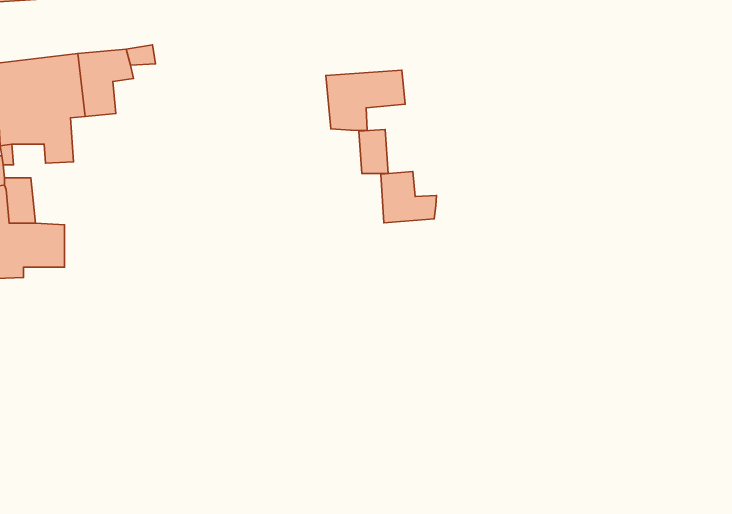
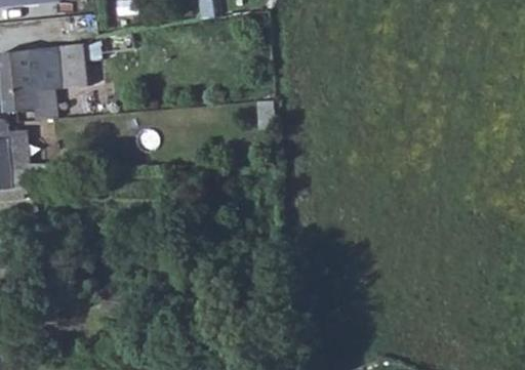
building: [326,70,405,131] -> none
building: [381,171,437,223] -> none

